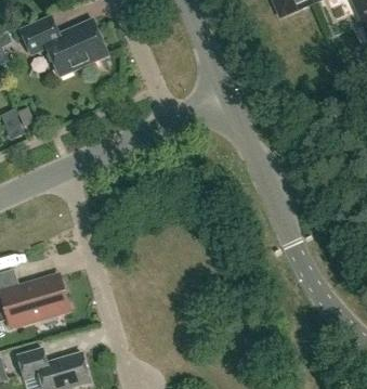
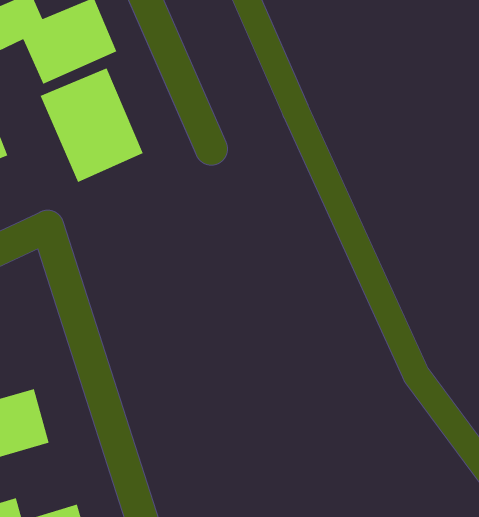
building: none -> [40,68,144,183]

